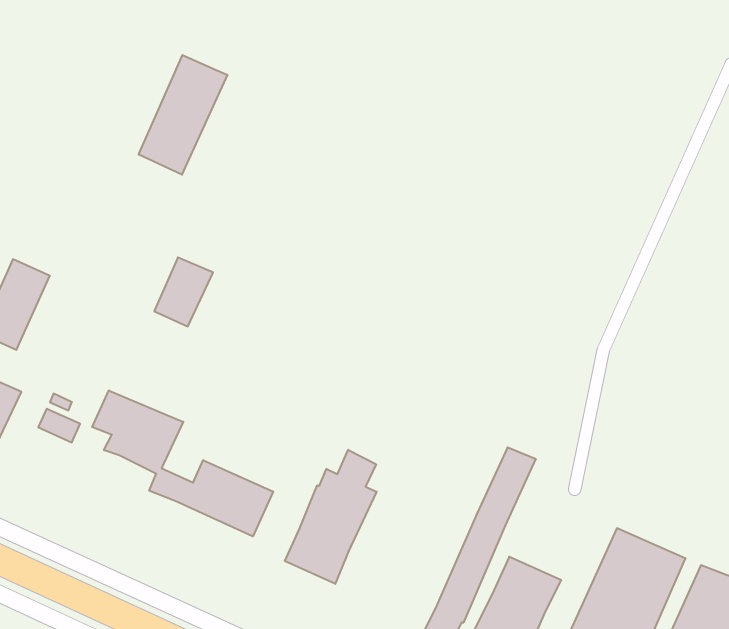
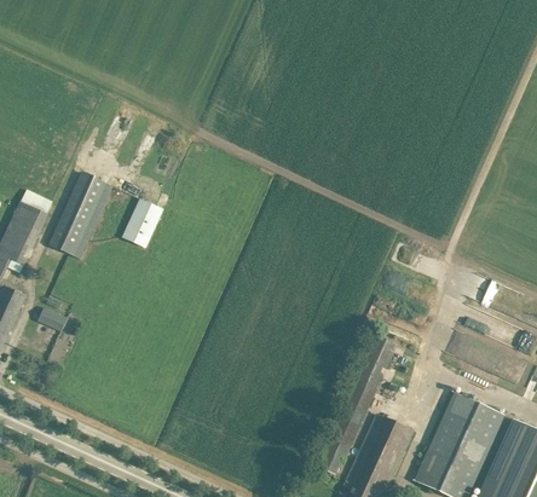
building: [139,55,228,175] -> [48,172,112,258]
building: [92,390,273,536] -> none
building: [285,450,377,584] -> none

